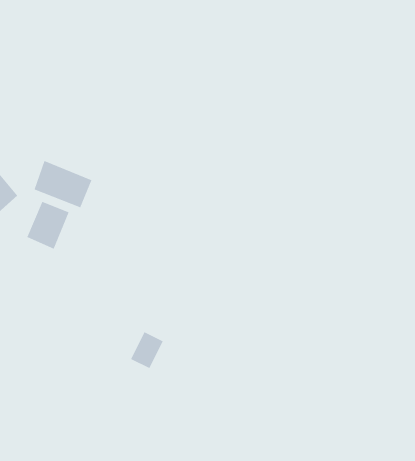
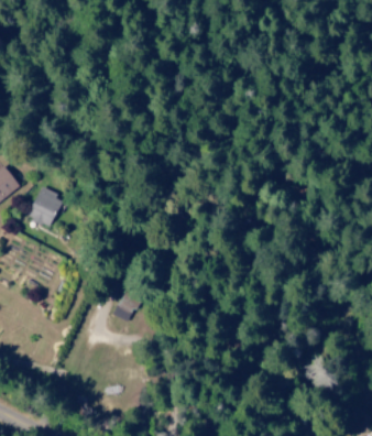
building: [34,160,92,208] -> none

